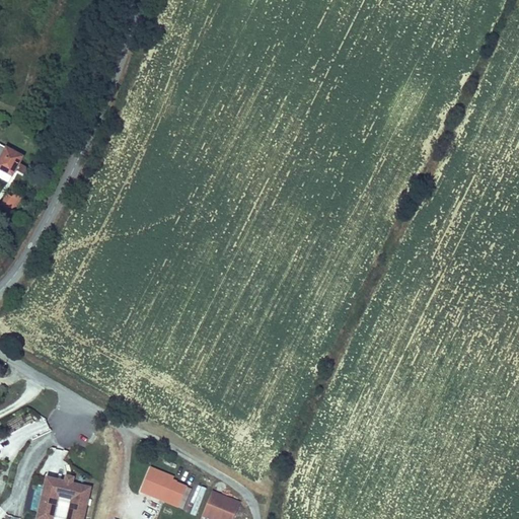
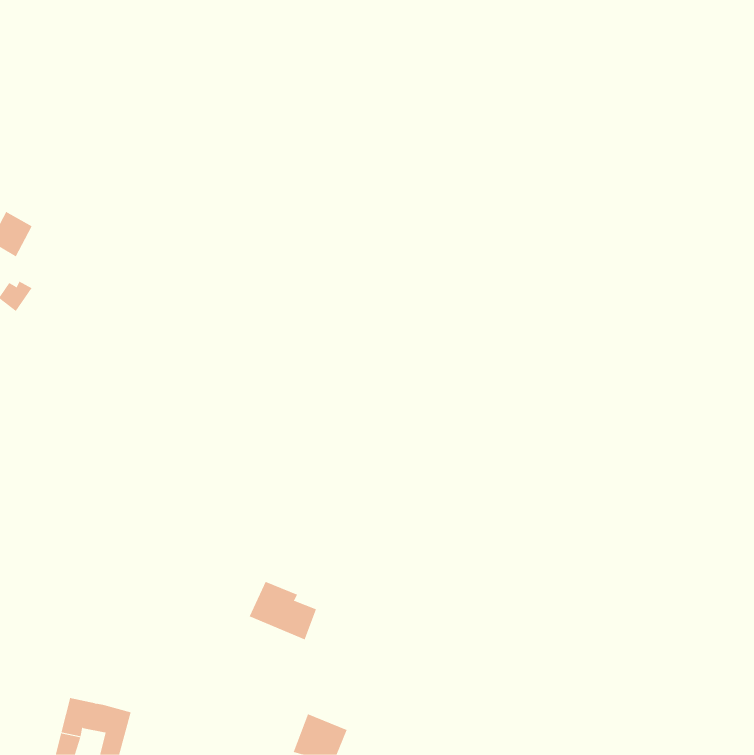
building: [139,466,186,507] -> [249,581,317,640]

